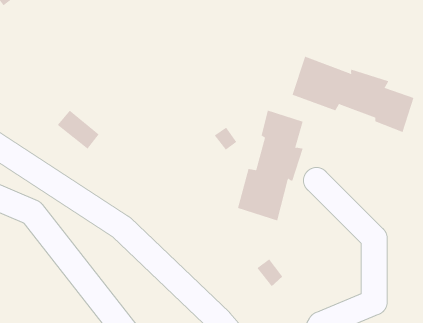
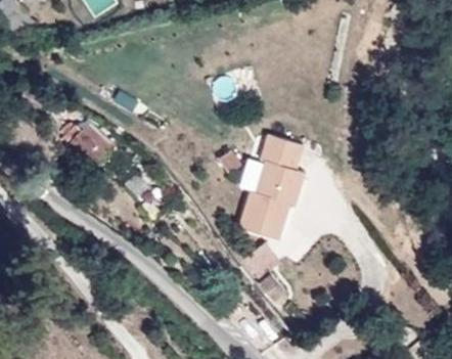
building: [292,56,414,133] -> none

